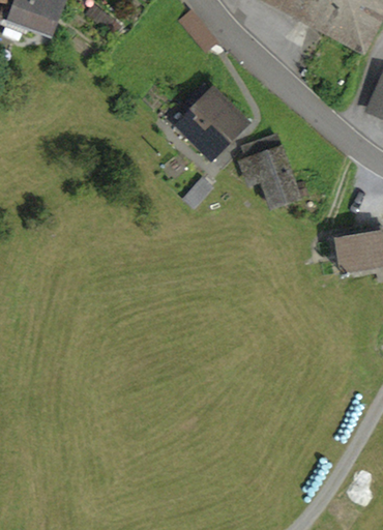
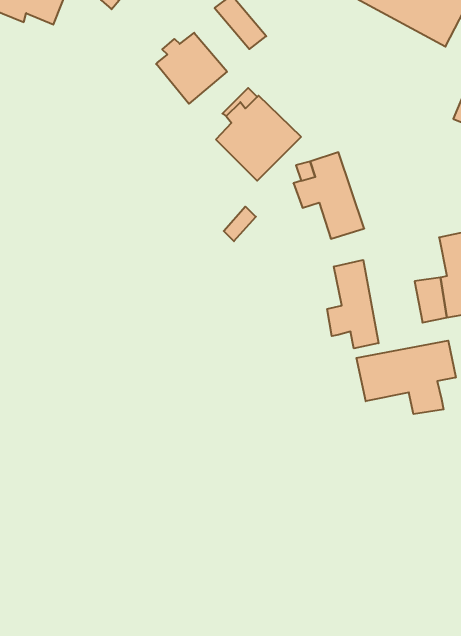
building: none -> [156,33,227,104]
building: none -> [327,260,379,348]
building: none -> [356,341,456,414]

